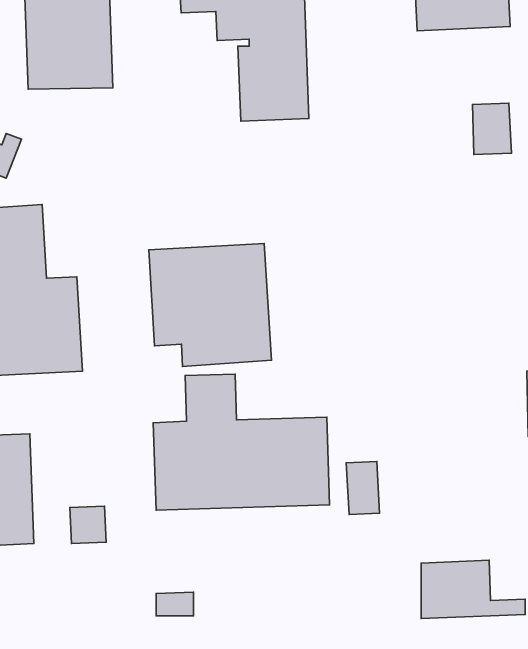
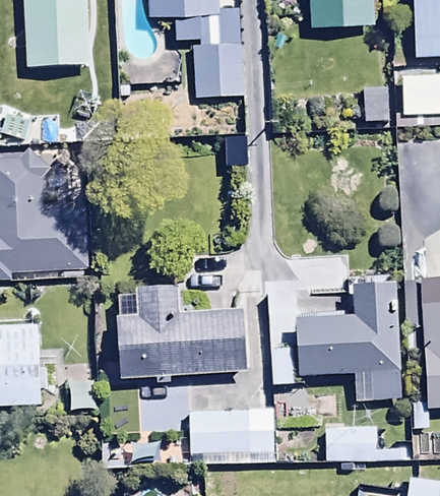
building: [149,244,272,366] -> none
building: none -> [296,269,397,396]
building: none -> [187,405,273,450]

